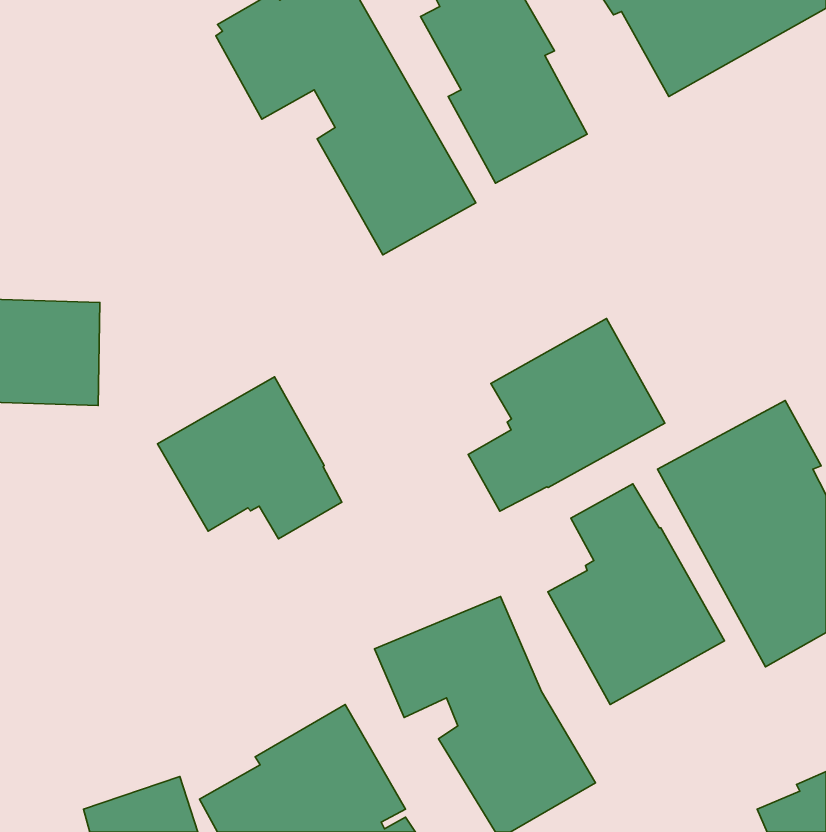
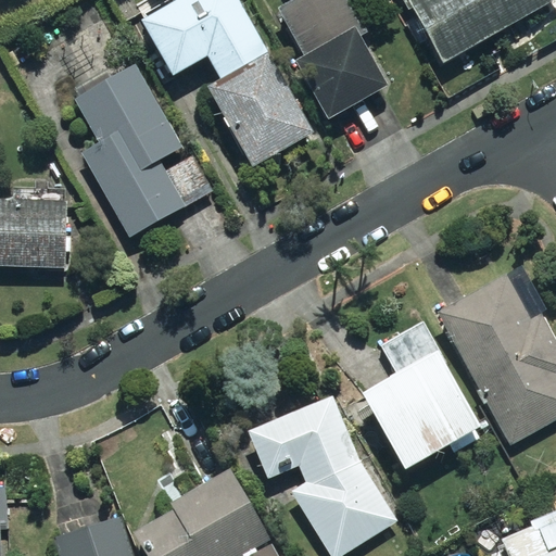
building: none -> [74,68,212,239]
building: [468,318,665,511] -> none
building: [157,377,342,539] -> none

